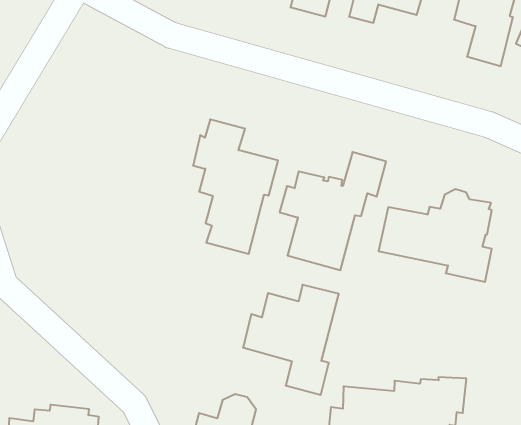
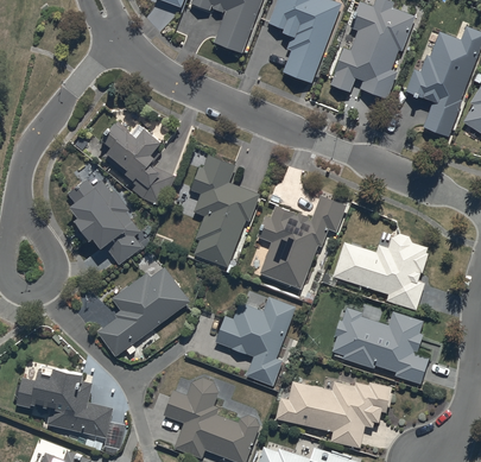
building: none -> [101,120,173,205]
building: none -> [68,178,143,264]
building: none -> [97,266,190,356]
building: none -> [333,306,429,384]

